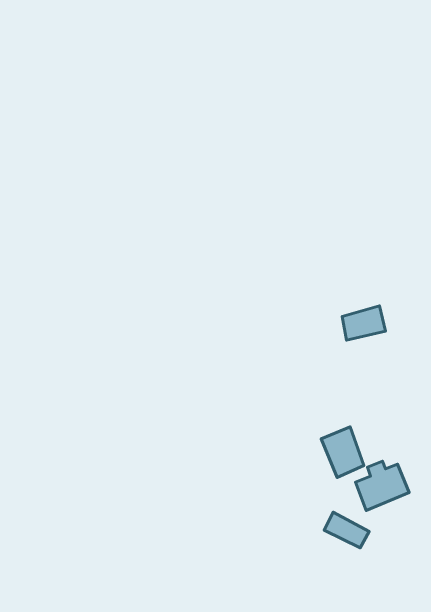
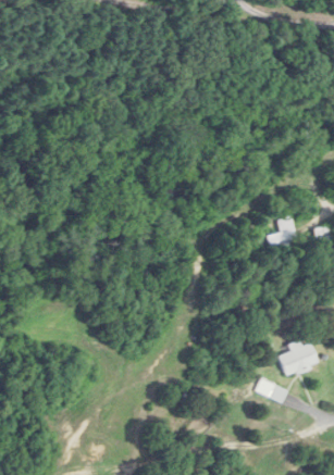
building: [321,427,364,477] -> none

